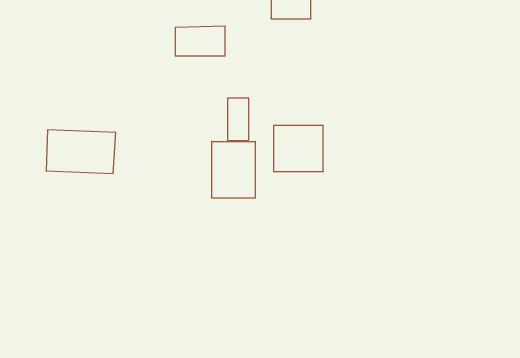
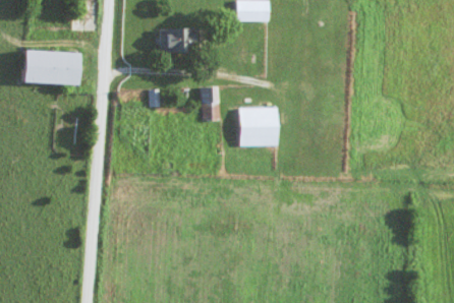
building: [46,130,116,173] -> [25,49,82,84]
building: [212,141,255,198] -> none

